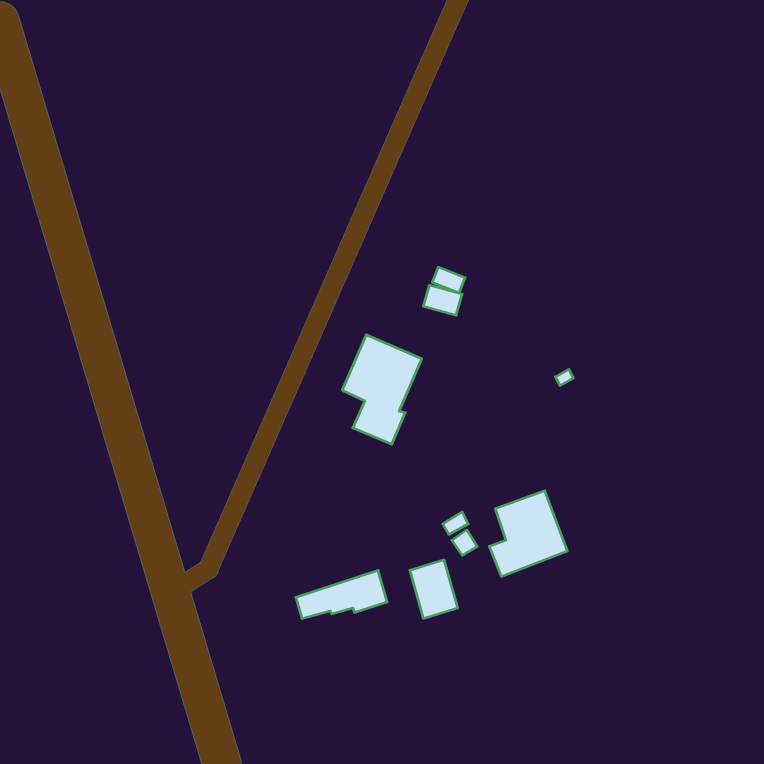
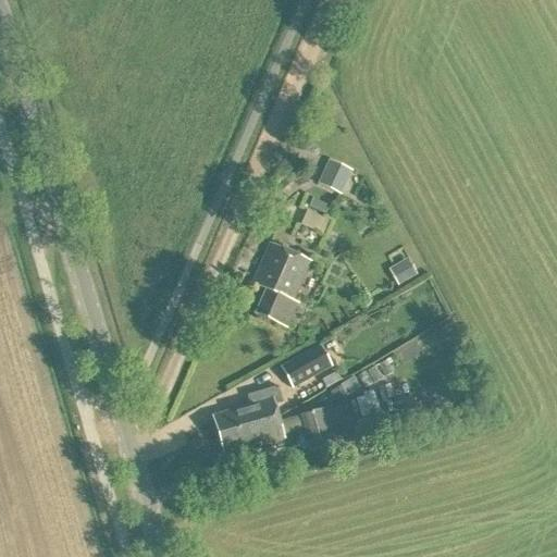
building: none -> [321,160,354,195]
building: none -> [280,343,331,386]
building: none -> [212,383,282,433]

